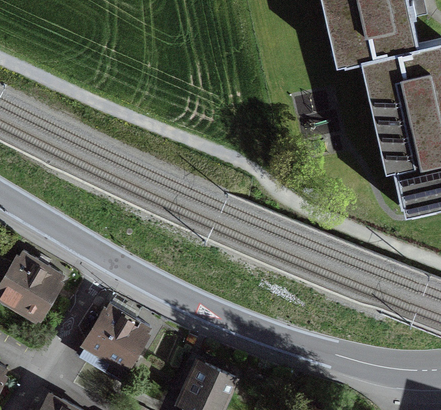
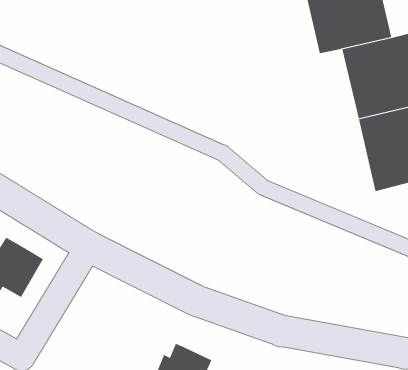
building: [79,306,149,385] -> none

